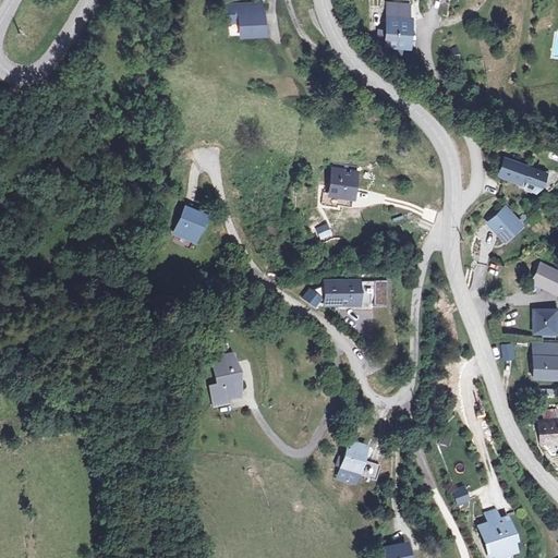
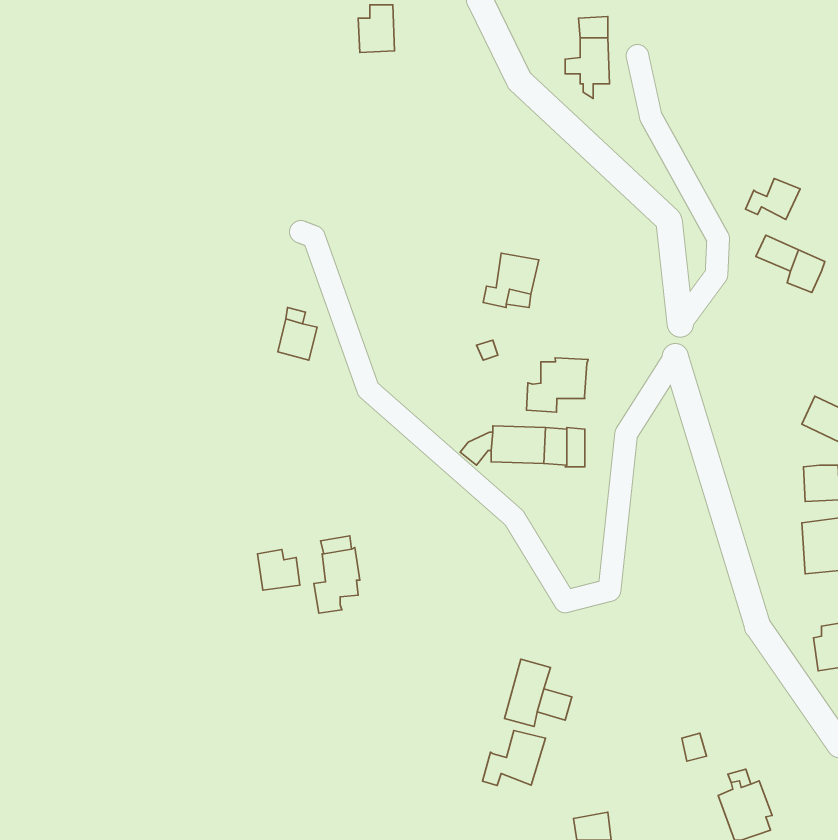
building: none -> [746,179,800,219]
building: [493,209,522,241] -> none
building: none -> [527,358,588,412]
building: none -> [258,549,300,590]
building: none -> [482,730,546,786]

